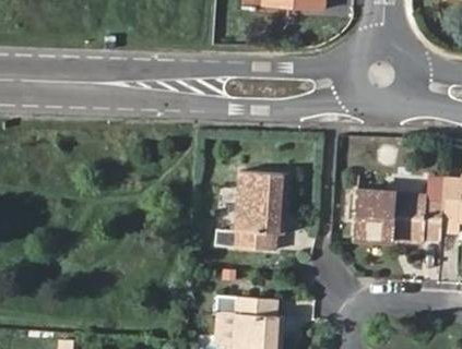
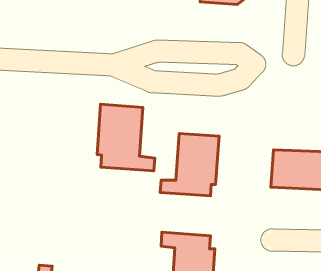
building: none -> [97,104,155,171]

